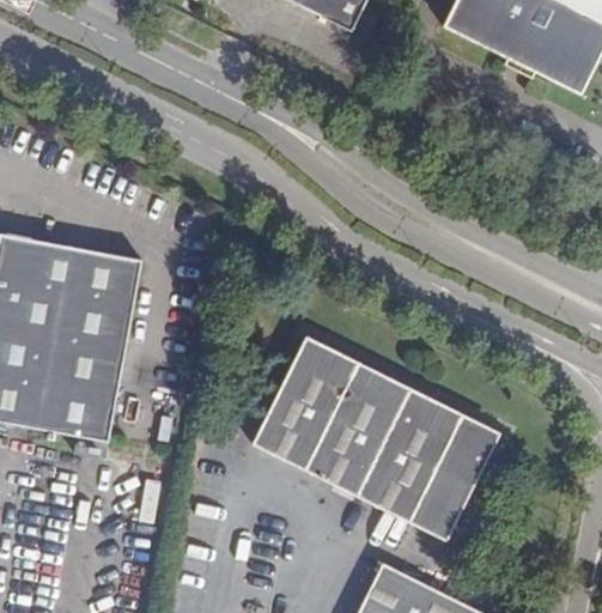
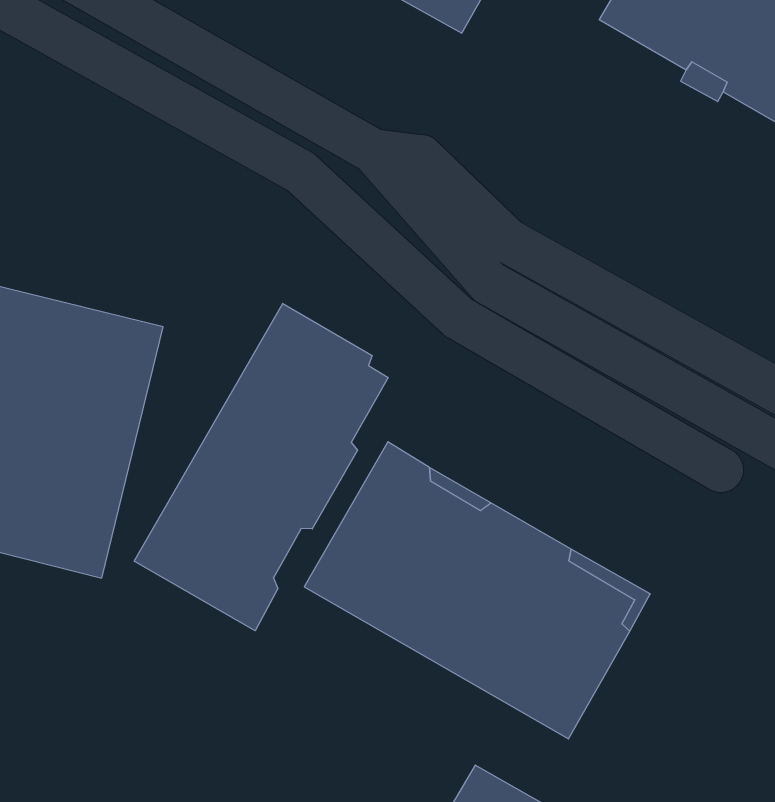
building: none -> [134,303,388,631]

